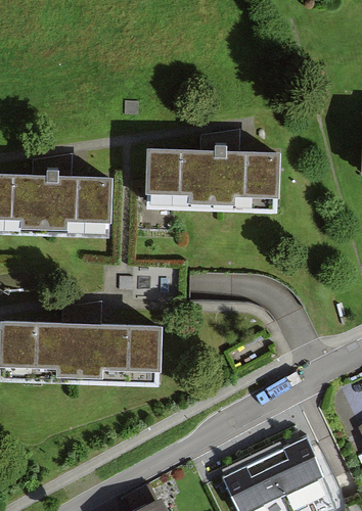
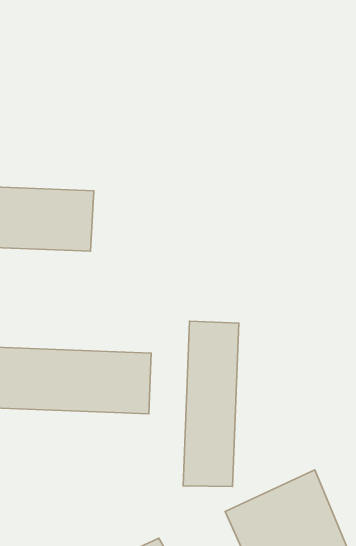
building: [147,147,279,207] -> none
building: none -> [183,321,239,487]

